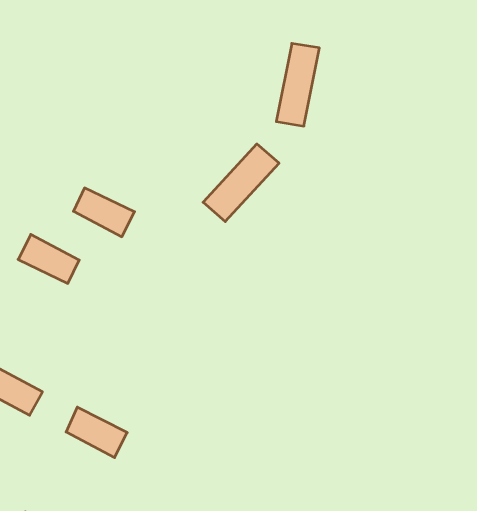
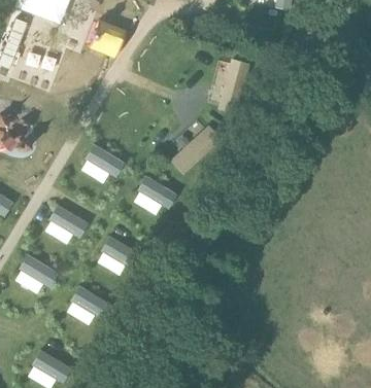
building: none -> [137,175,176,209]
building: [18,234,79,283] -> [48,205,88,238]
building: none -> [101,236,140,269]

